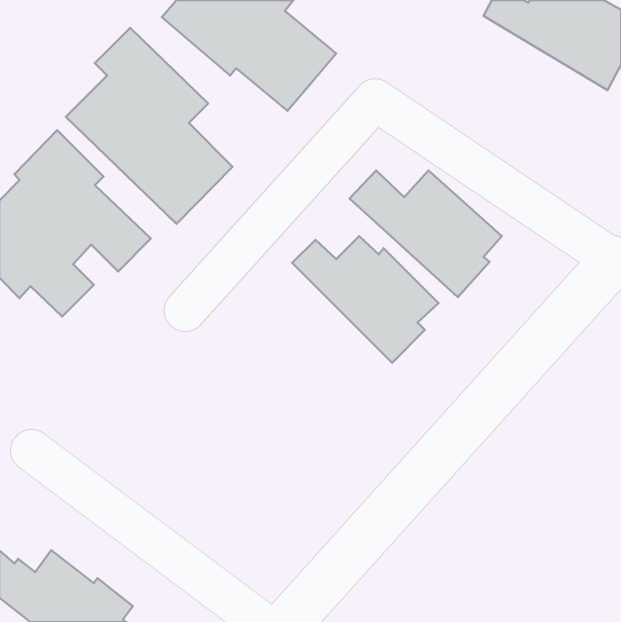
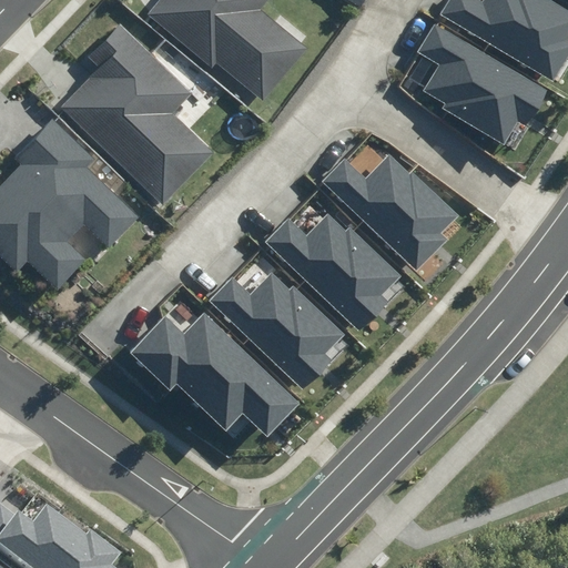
building: none -> [417,24,547,144]
building: none -> [207,273,344,389]
building: none -> [130,314,298,436]

